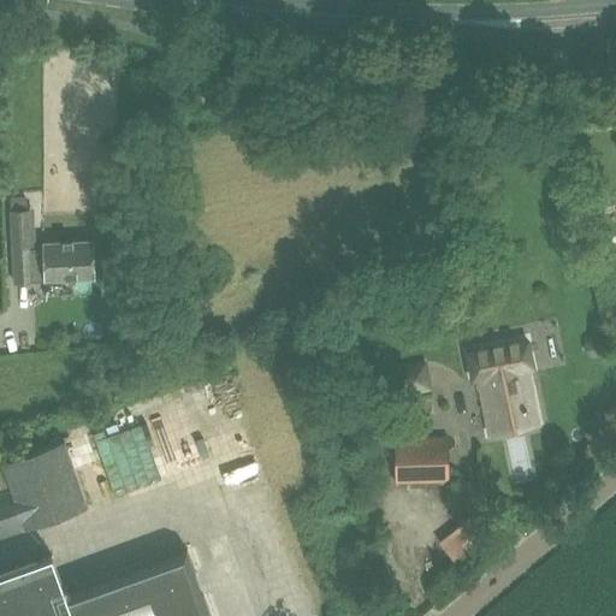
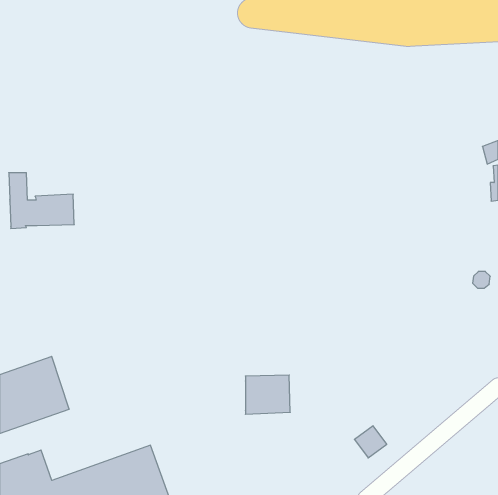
building: [464,343,540,439] -> none
building: [392,439,448,487] -> [245,375,290,414]

